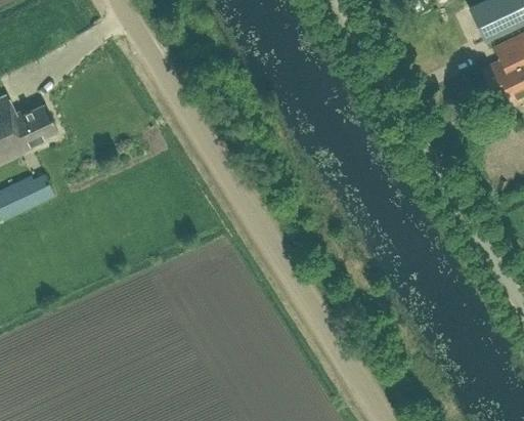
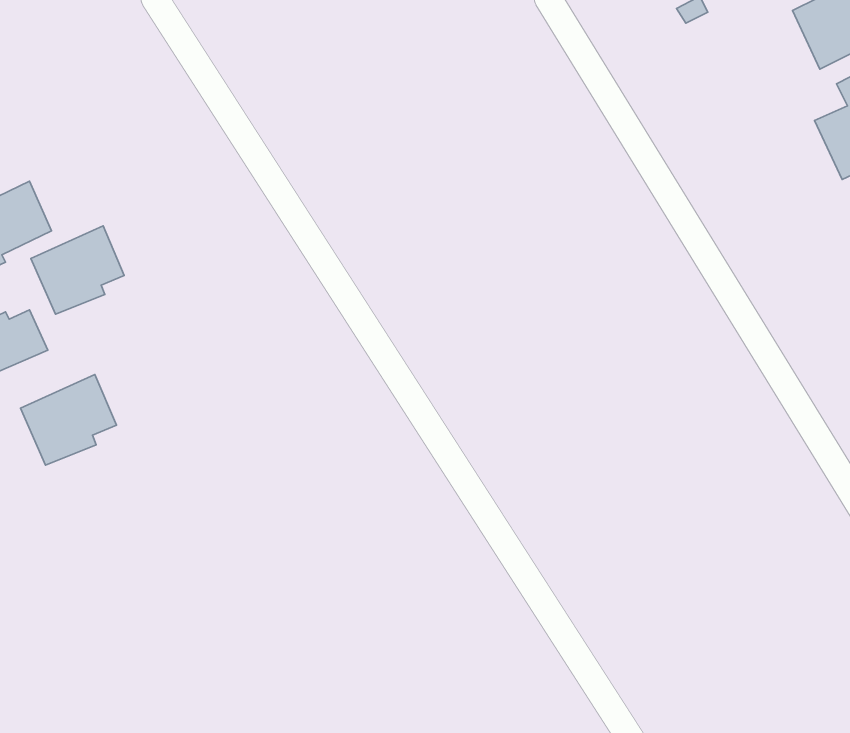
building: none -> [31,226,124,314]
building: none -> [21,375,116,465]

